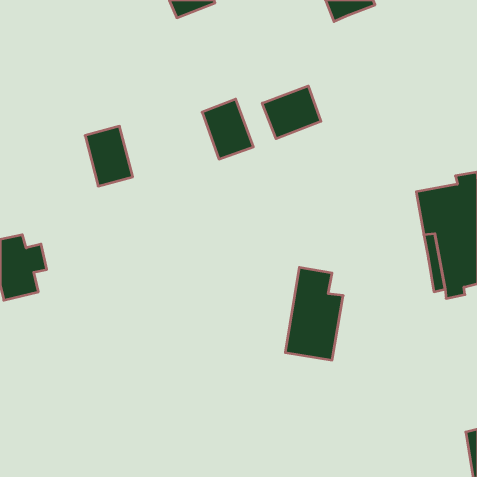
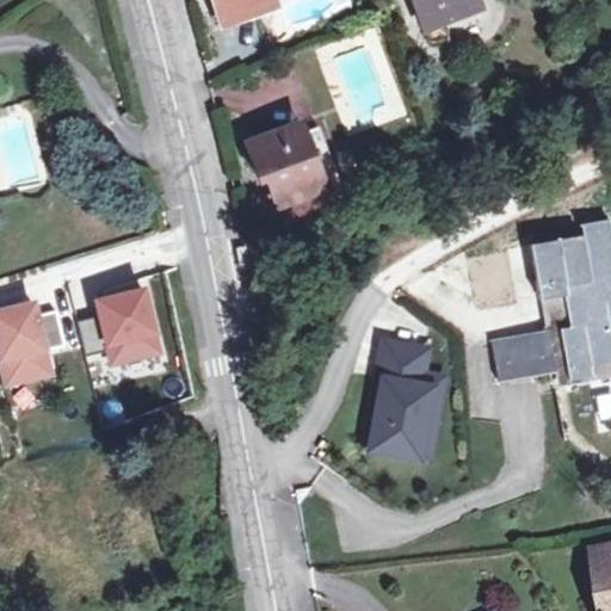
building: [262,86,321,139] -> none
building: [85,126,133,186] -> [95,285,156,362]
building: none -> [493,332,555,383]

